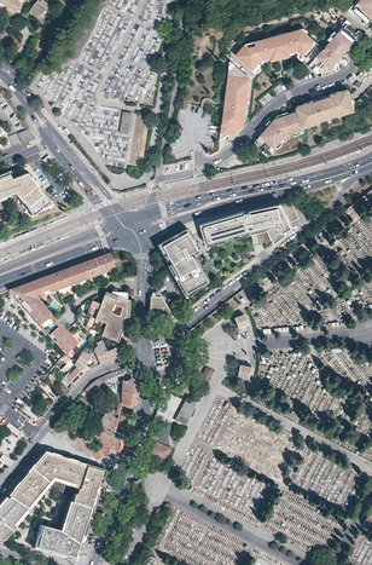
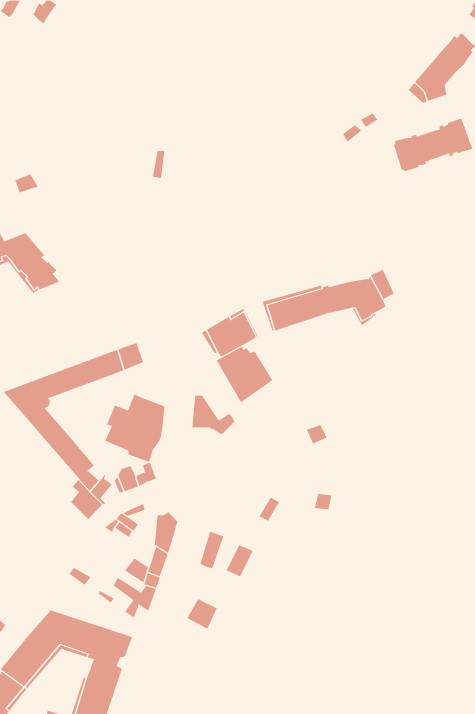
building: [234,29,315,71] -> none
building: [220,60,251,136] -> none
building: [255,111,304,155] -> none

